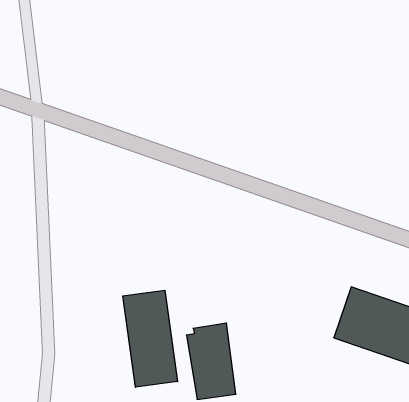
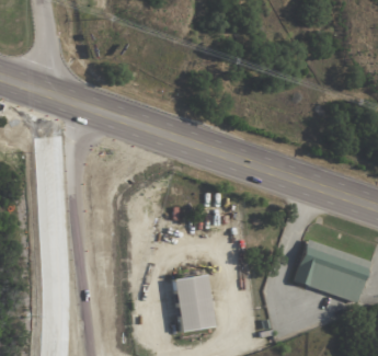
building: [123,290,178,387] -> none

